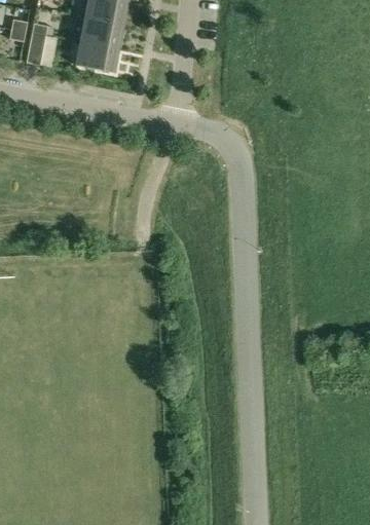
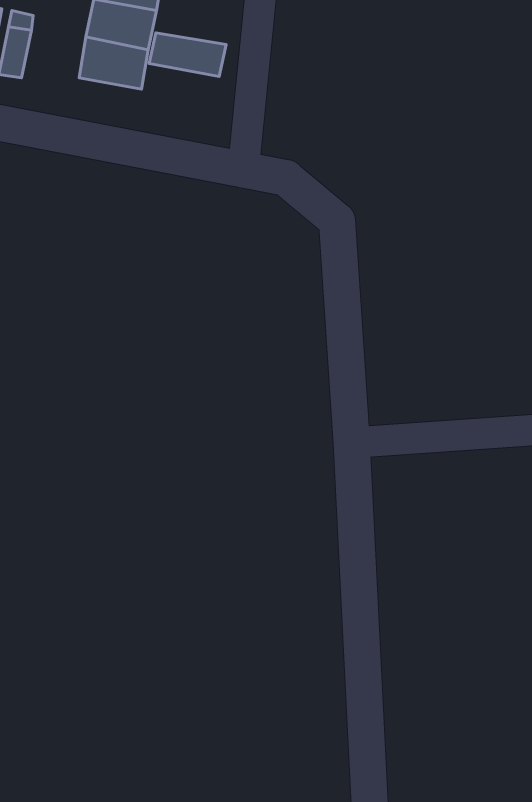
building: none -> [149,33,226,76]

